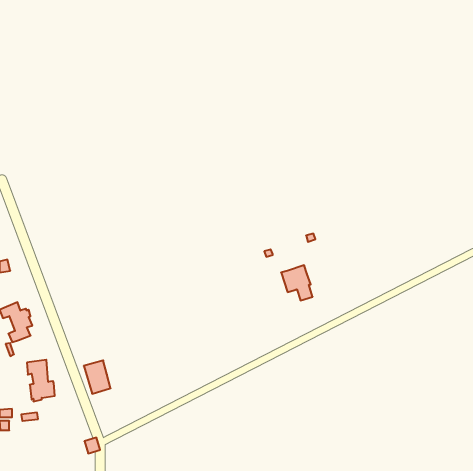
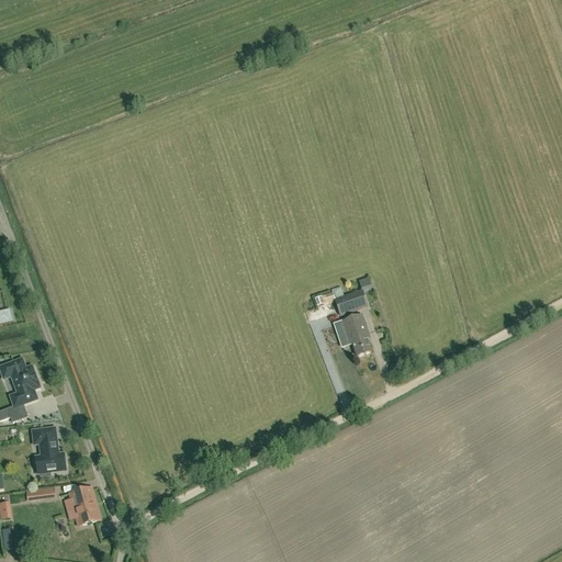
building: none -> [334,290,366,314]
building: [84,360,111,394] -> [67,486,99,526]

